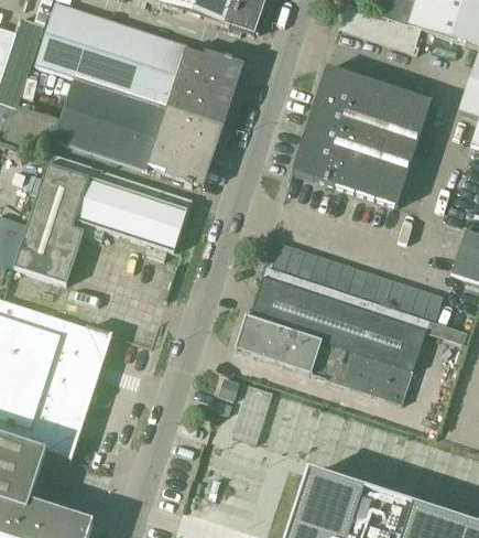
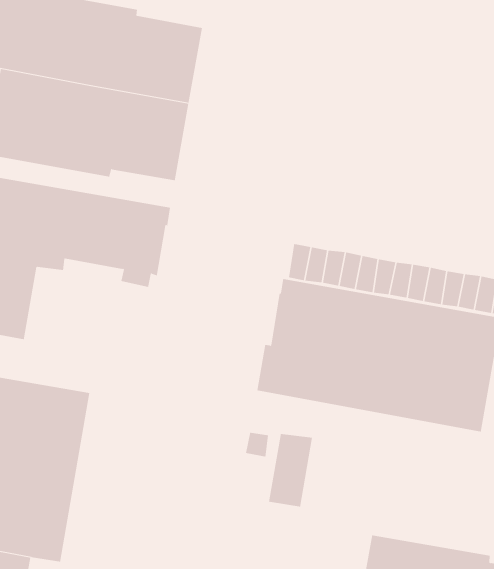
building: [292,66,431,205] -> none

